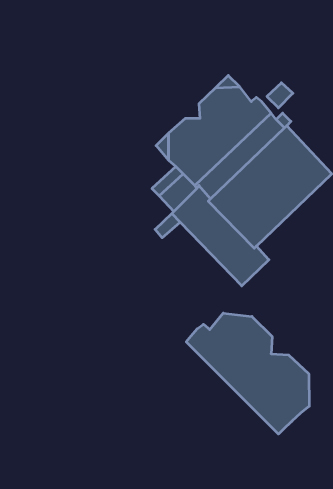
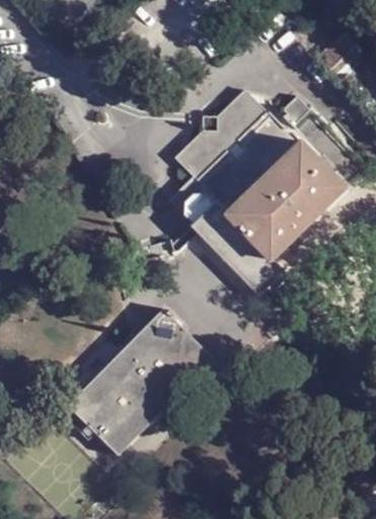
building: none -> [67,309,212,456]
building: [186,313,309,434] -> none

